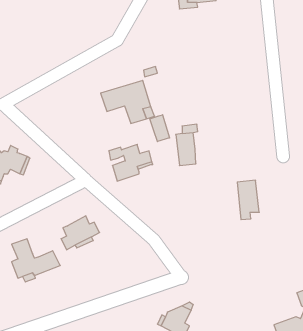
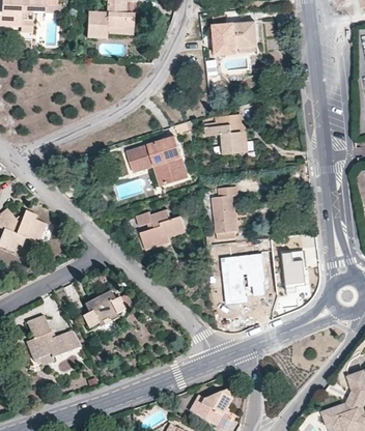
building: none -> [217,123,247,153]
building: [150,115,170,142] -> none
building: none -> [221,253,264,305]

